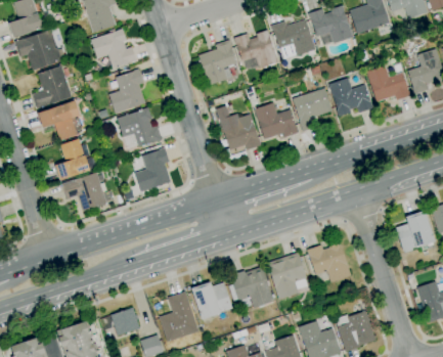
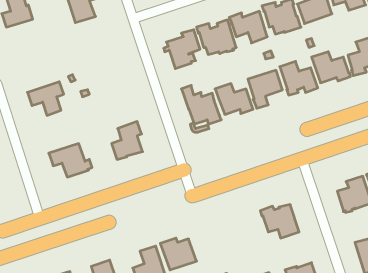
building: [91,29,137,69] -> none
building: [15,30,61,71] -> none
building: [33,66,72,108] -> none
building: [109,69,145,114] -> none
building: [118,107,163,147] -> none
building: [55,139,90,180] -> none
building: [267,253,308,299] -> none
building: [229,267,274,308] -> none

